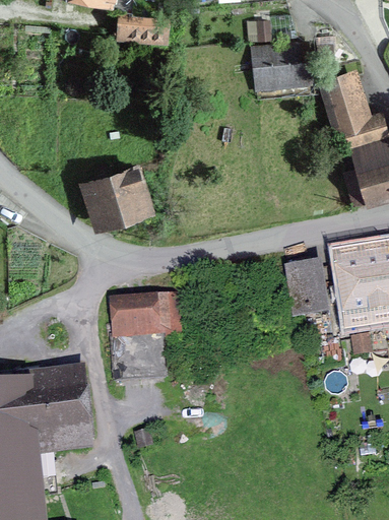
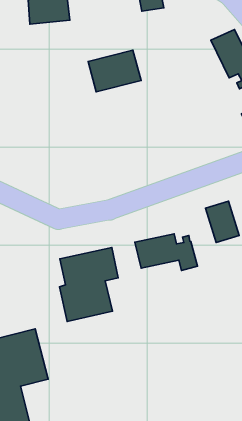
building: [249,42,306,82] -> [88,50,141,92]
building: [88,166,148,217] -> none
building: none -> [135,234,197,270]

